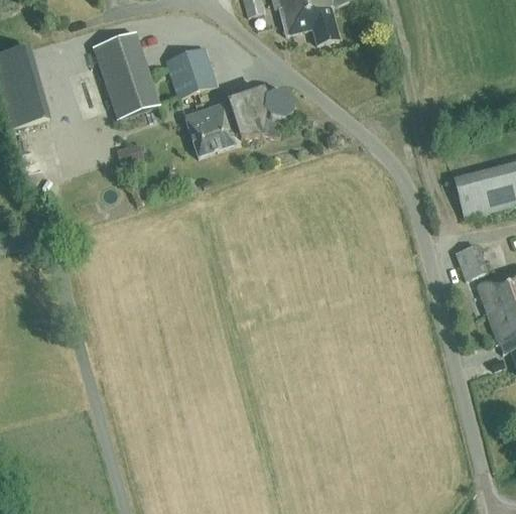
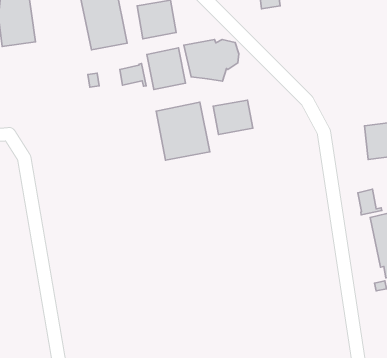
building: none -> [120,64,146,86]
building: none -> [213,100,253,135]
building: none -> [156,102,210,160]

